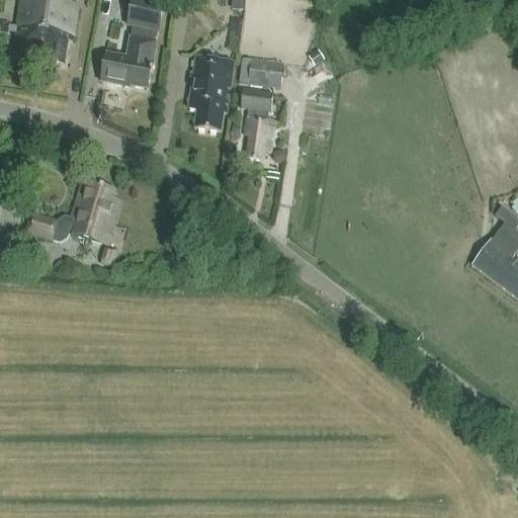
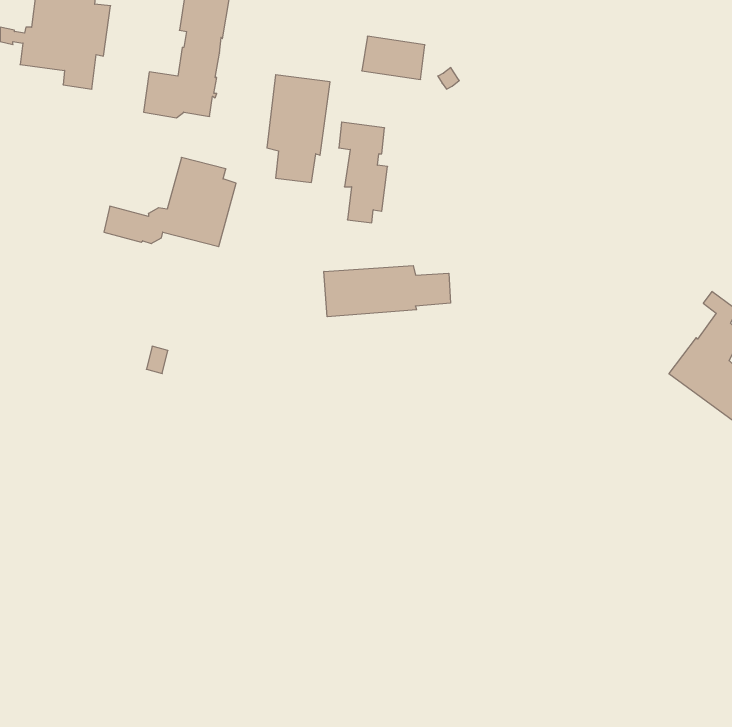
building: [240,56,284,86] -> [362,36,425,79]
building: [28,179,121,242] -> [104,157,236,247]
building: none -> [324,266,450,317]

